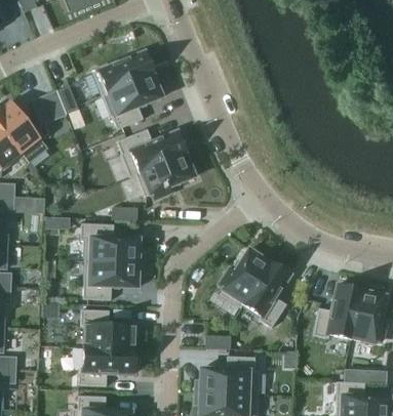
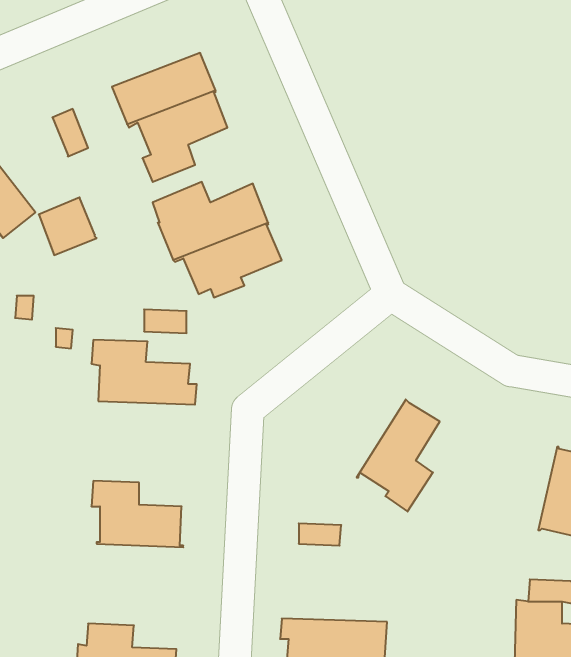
building: [32,90,67,125] -> [39,197,97,255]
building: [219,249,270,307] -> none
building: [83,261,143,299] -> none
building: [313,284,361,339] -> none
building: [78,347,135,385] -> none
building: [195,356,260,394] -> none

